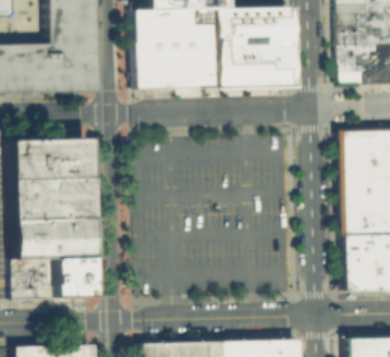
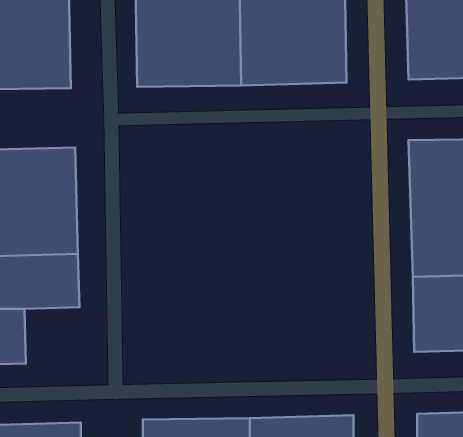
building: [52,256,94,298] -> none

